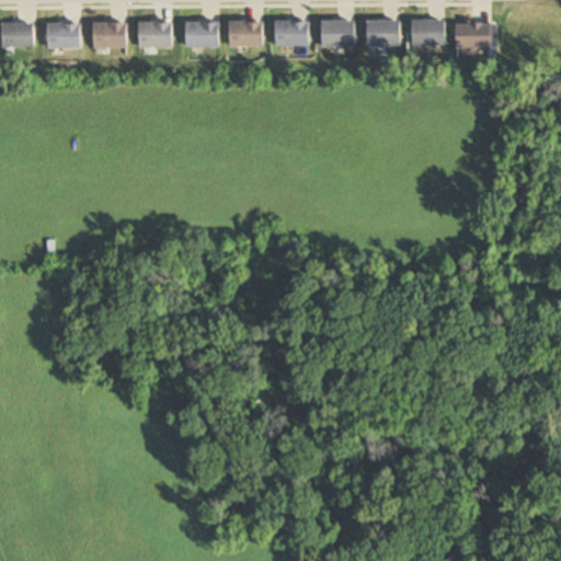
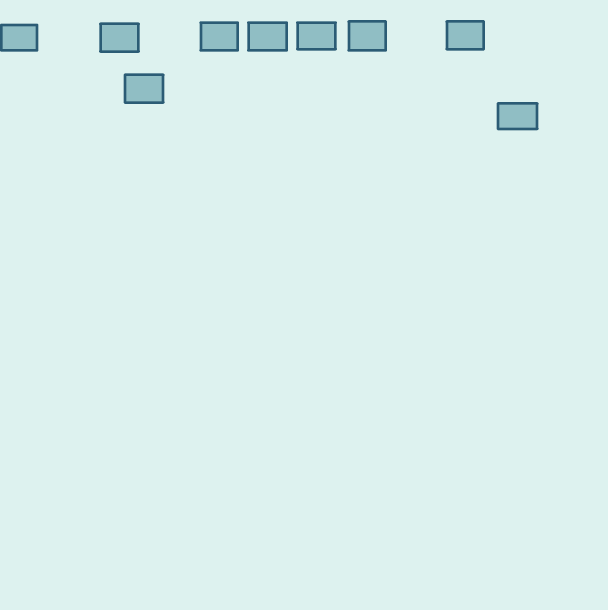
building: [365,20,399,46] -> none
building: [137,22,172,47] -> [125,75,163,102]
building: [46,23,80,47] -> none
building: [455,23,491,46] -> [498,104,537,129]

